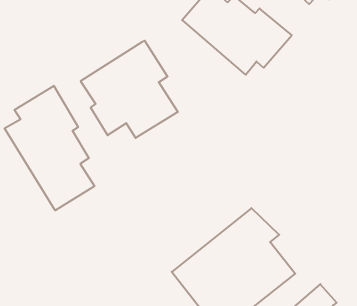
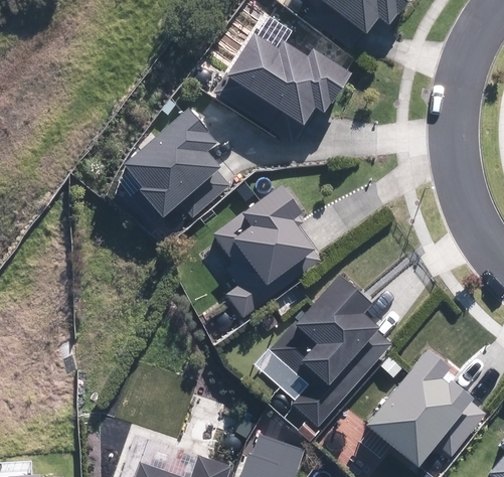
building: [5,86,94,210] -> none
building: none -> [216,185,324,317]

